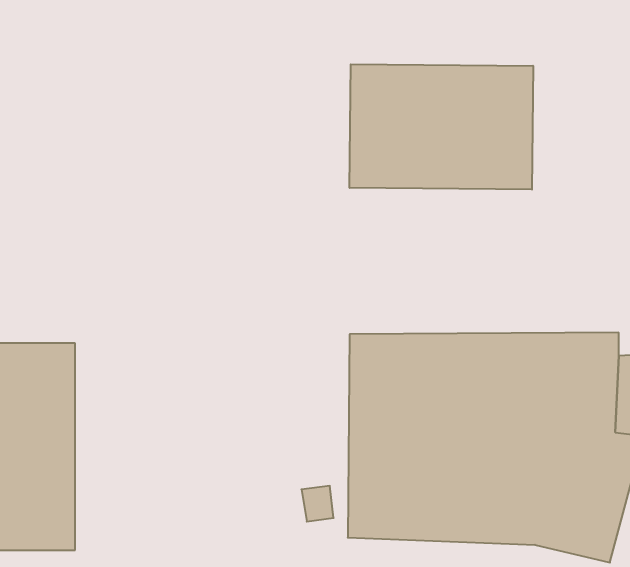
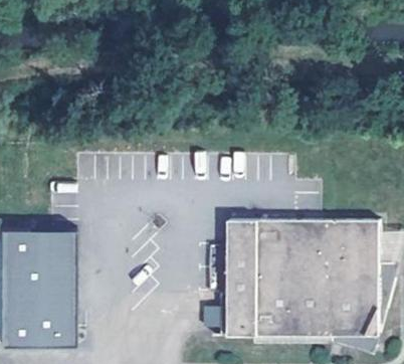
building: [350,64,533,190] -> none

